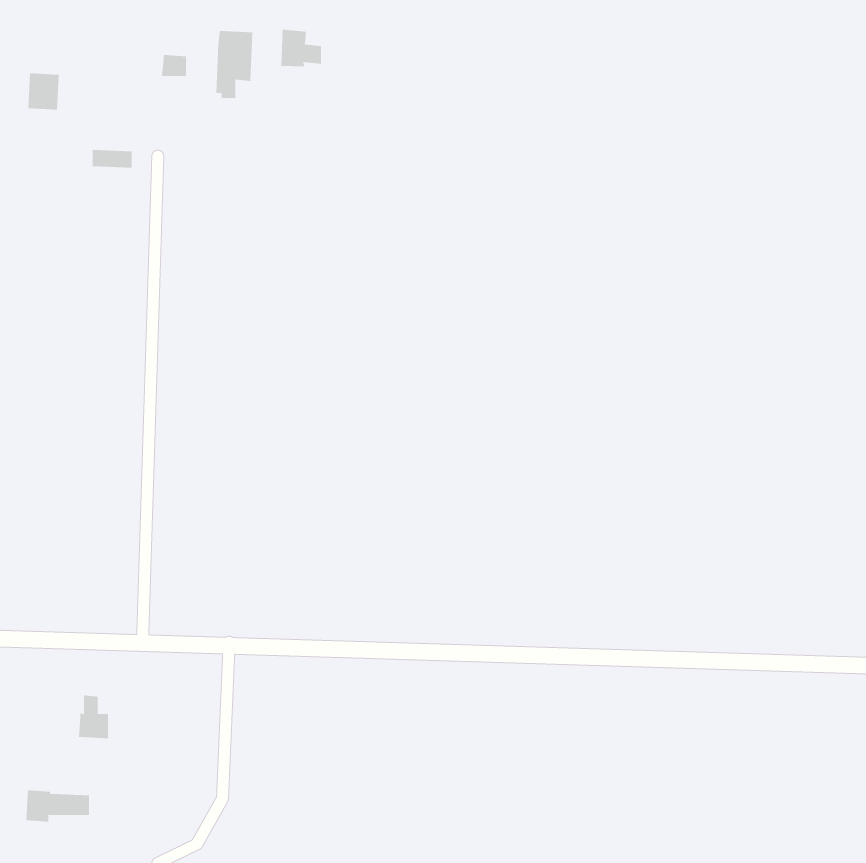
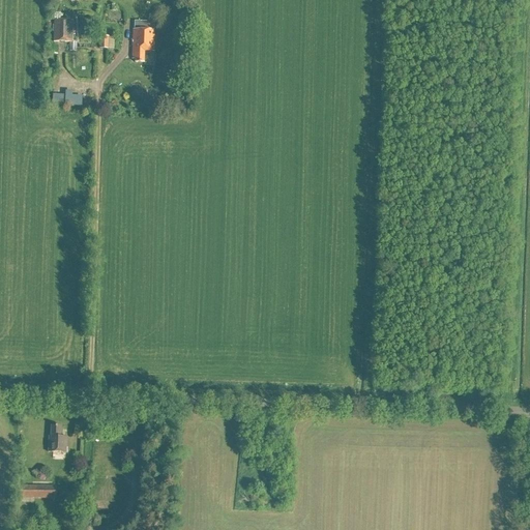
building: [281,29,322,67] -> none
building: [27,73,60,110] -> [54,18,73,40]

